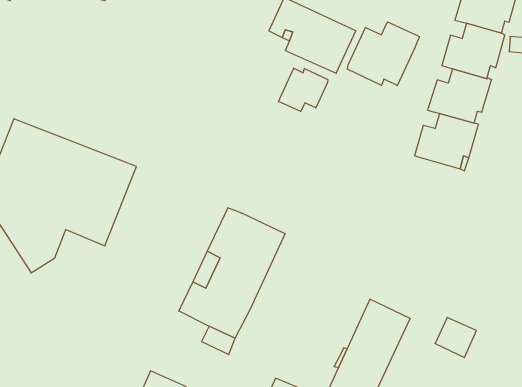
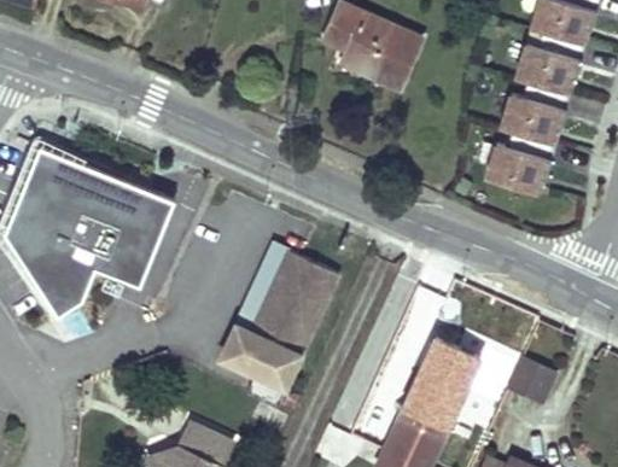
building: [348,22,420,86] -> none
building: [279,68,328,111] -> none

